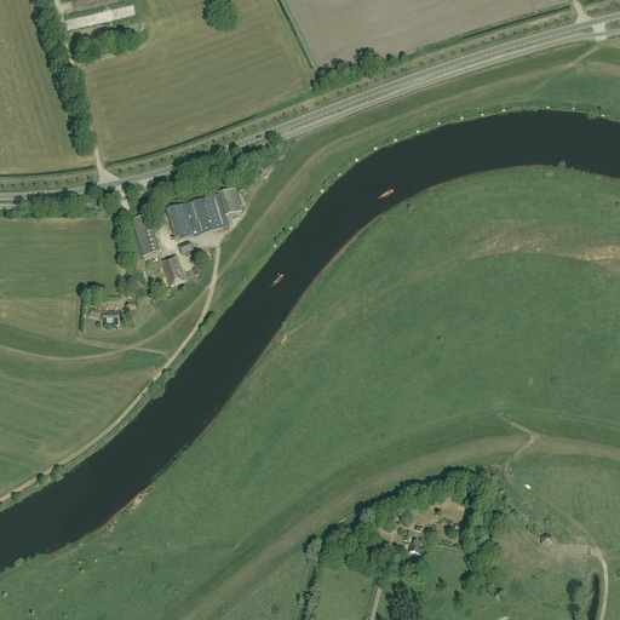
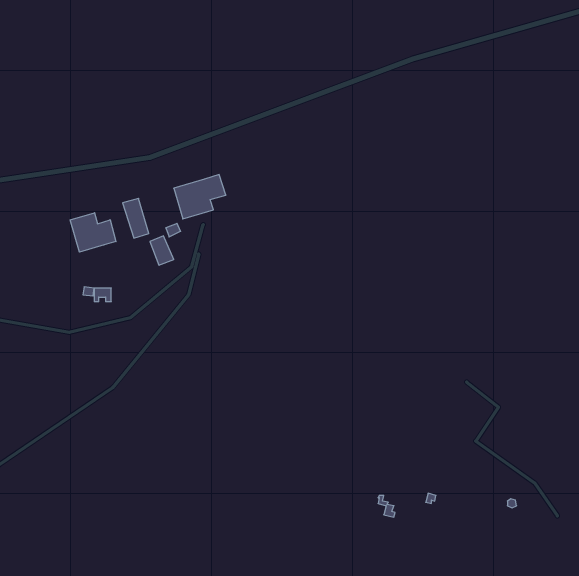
building: [165,201,194,237] -> none
building: none -> [70,213,116,252]

